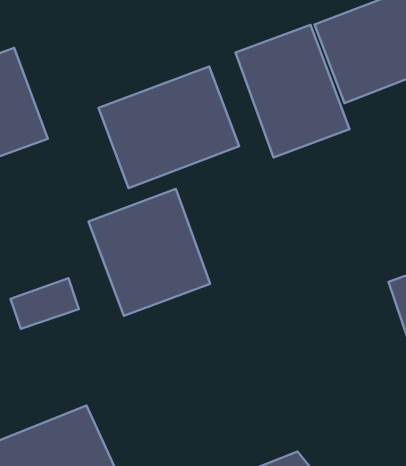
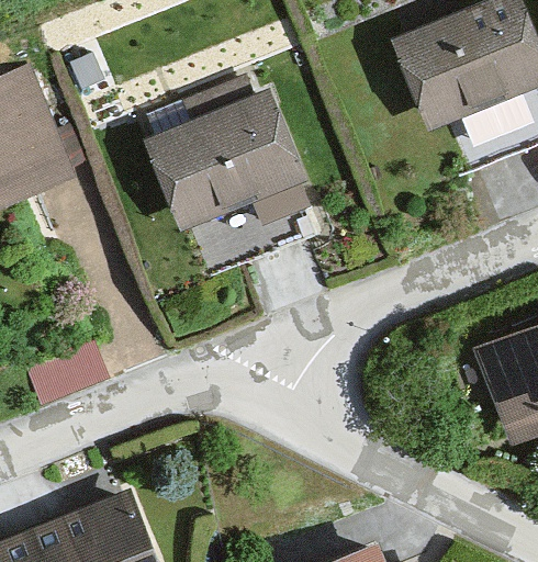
building: [235,25,349,157] -> none
building: [89,189,210,316] -> none

